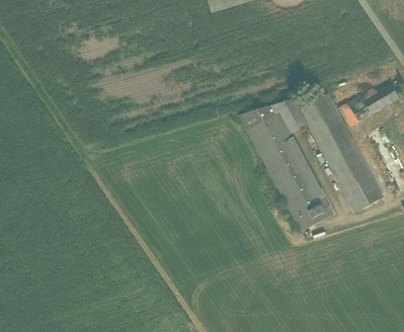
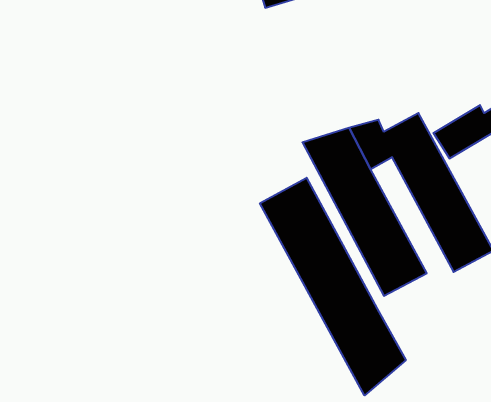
building: none -> [260,178,406,395]

